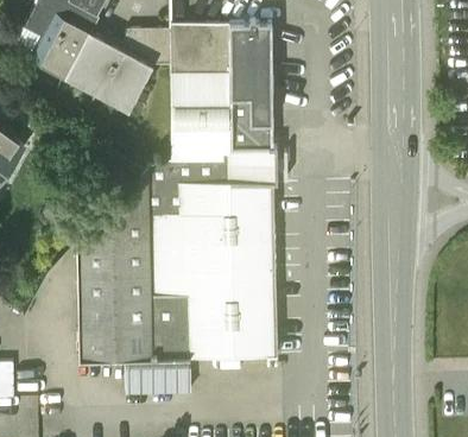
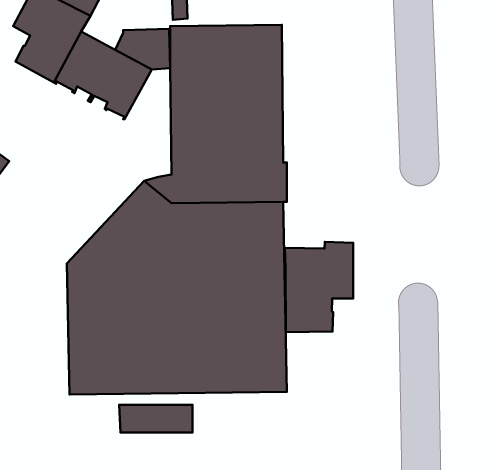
building: none -> [285,242,353,332]

